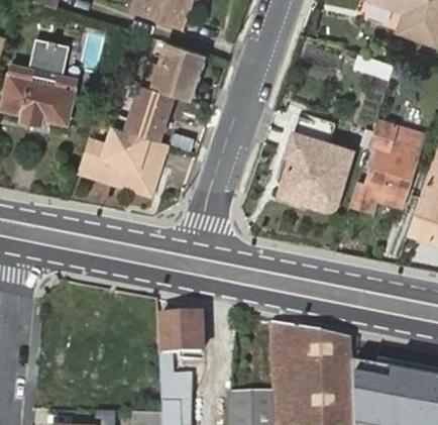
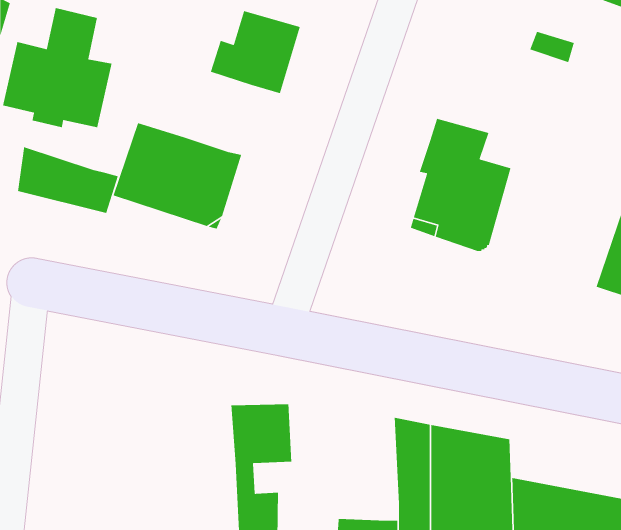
building: [127,84,173,139] -> none
building: [351,119,421,210] -> none
building: none -> [17,146,119,214]

